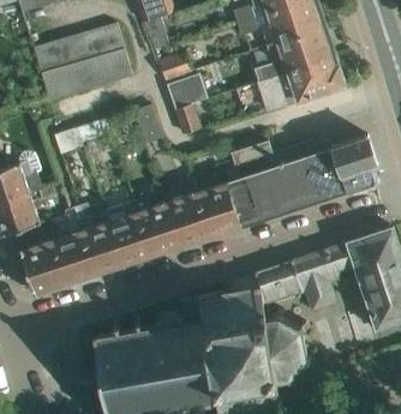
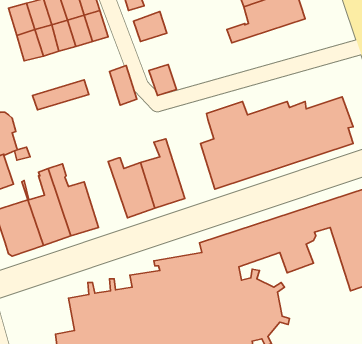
building: [257,58,345,110] -> none
building: [167,76,205,109] -> none
building: [191,158,240,238] -> none
building: [106,200,152,266] -> none

